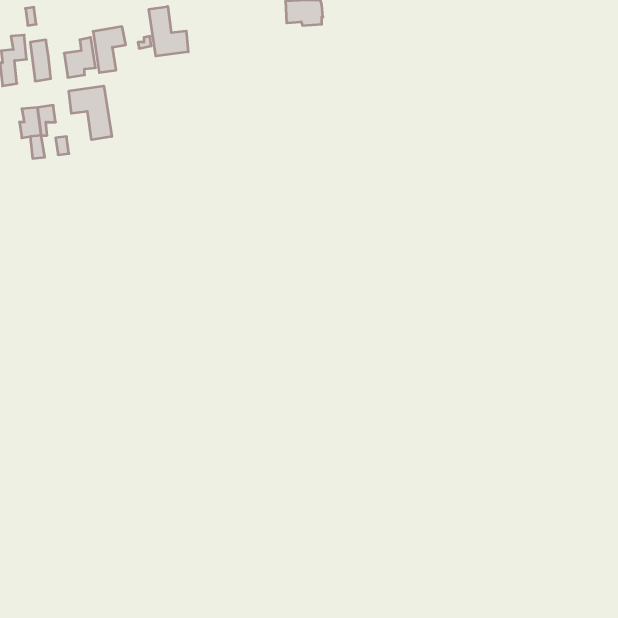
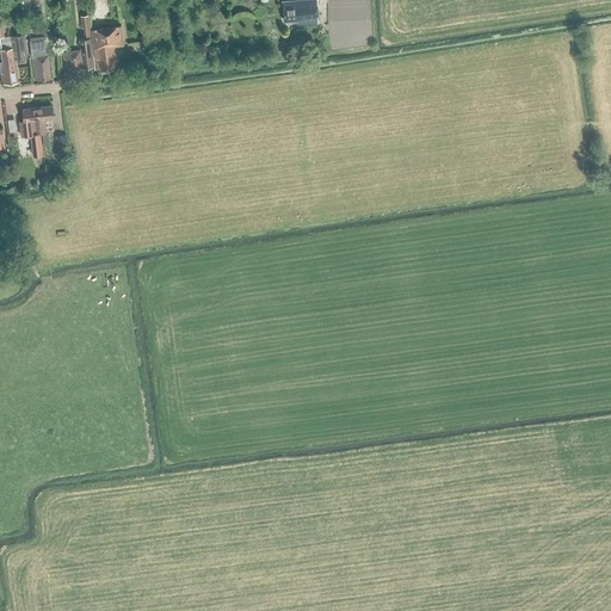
building: [149,6,188,56] -> none
building: [69,86,112,140] -> none

